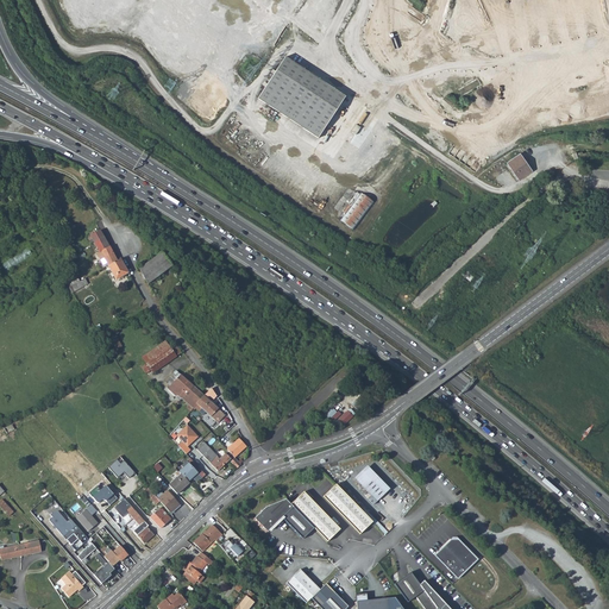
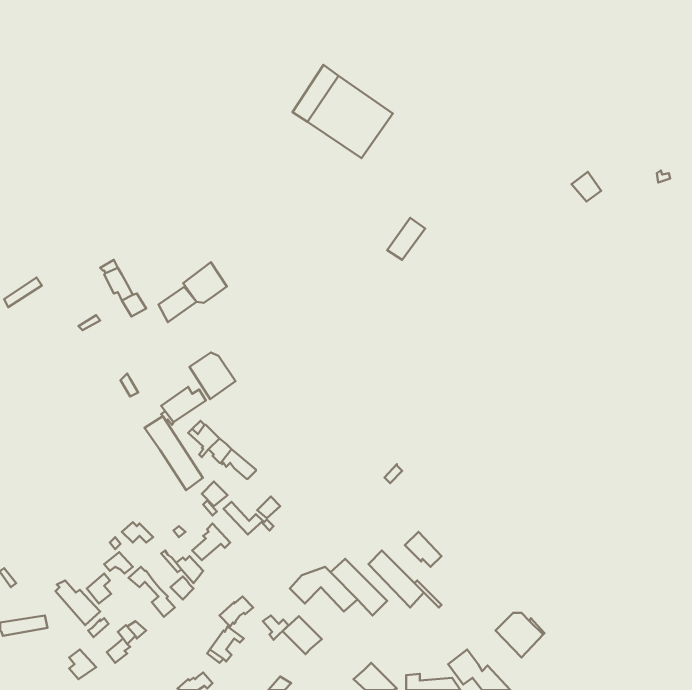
building: none -> [183,262,227,303]
building: none -> [190,353,235,399]
building: none -> [144,416,203,490]
building: [285,569,320,602] -> [282,616,322,654]

